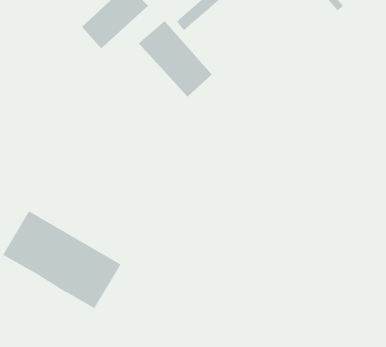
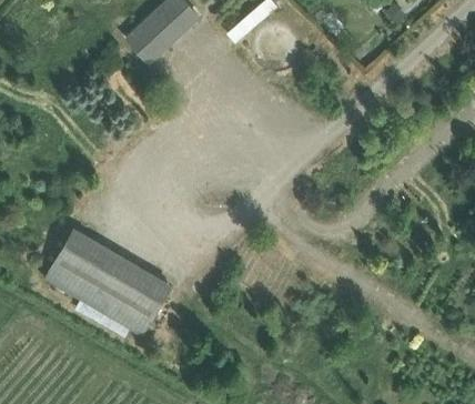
building: [138,20,213,98] -> none

